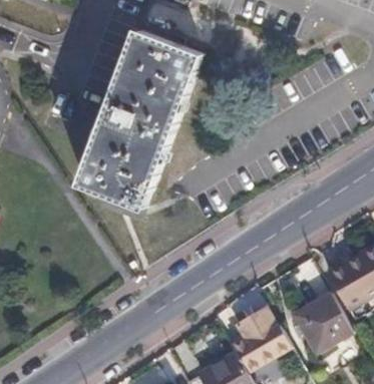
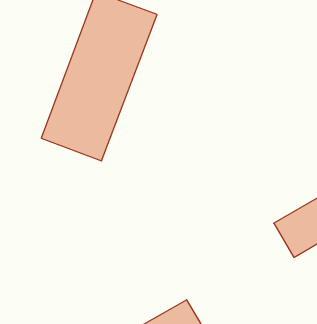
building: [289,292,350,353] -> none
building: [227,306,289,373] -> none

